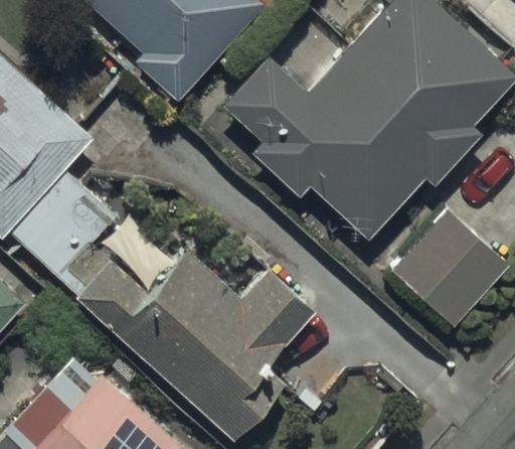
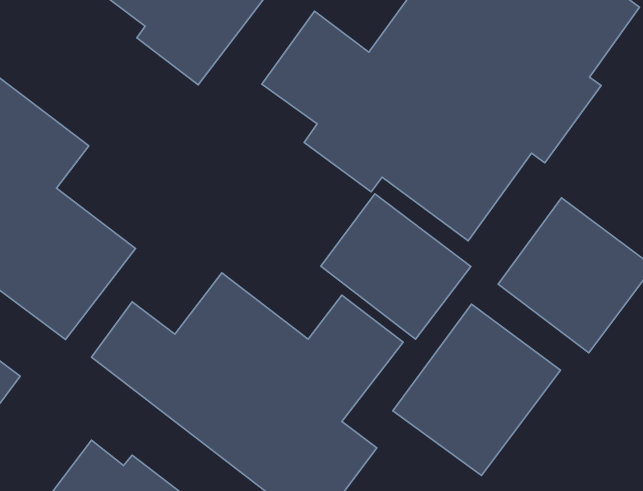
building: none -> [321,194,471,339]
building: none -> [393,304,560,476]

